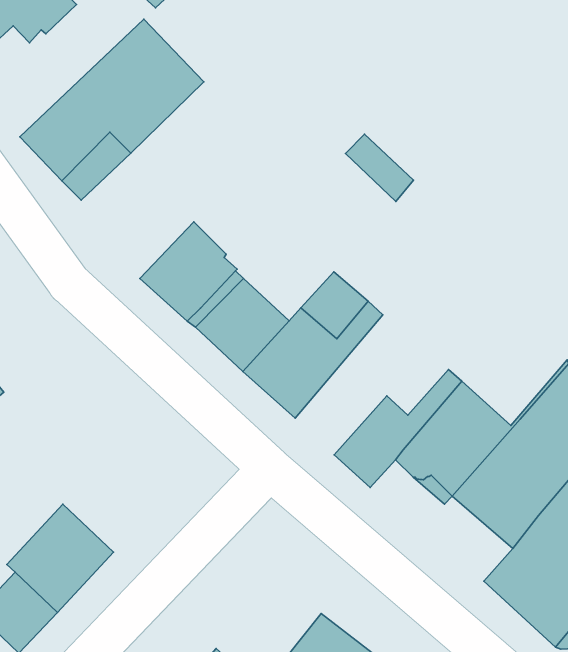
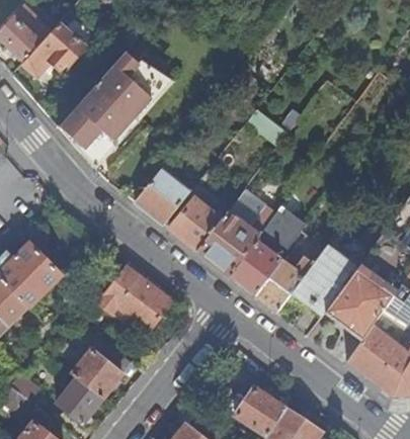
building: none -> [230,205,306,294]
building: none -> [98,265,171,329]

